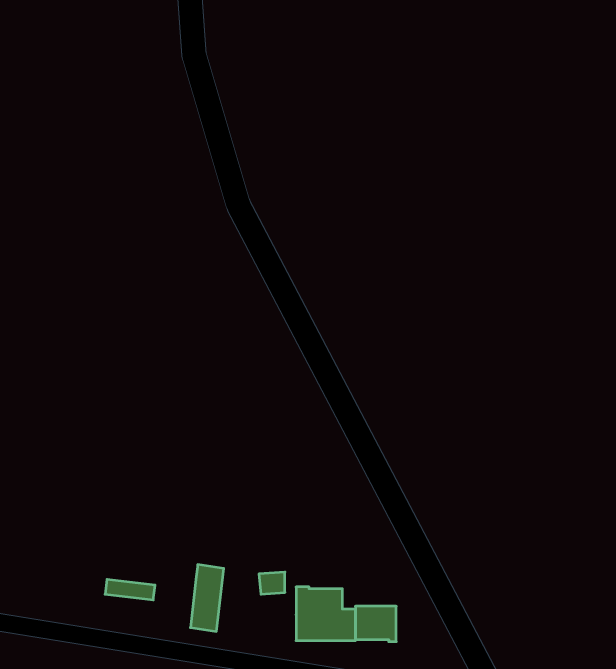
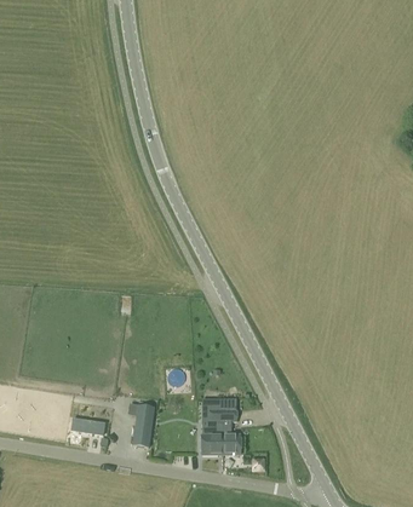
building: [355,606,396,642] -> [208,399,235,422]

